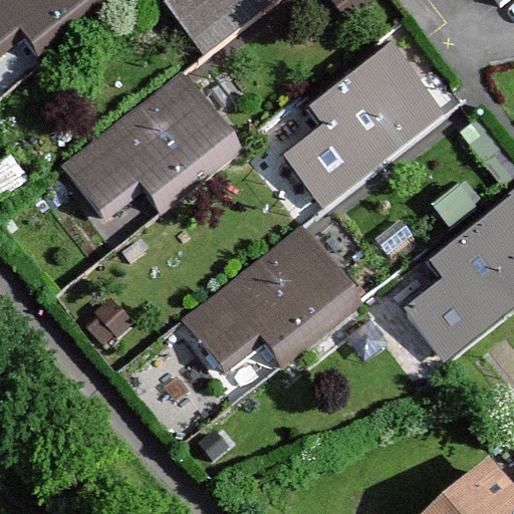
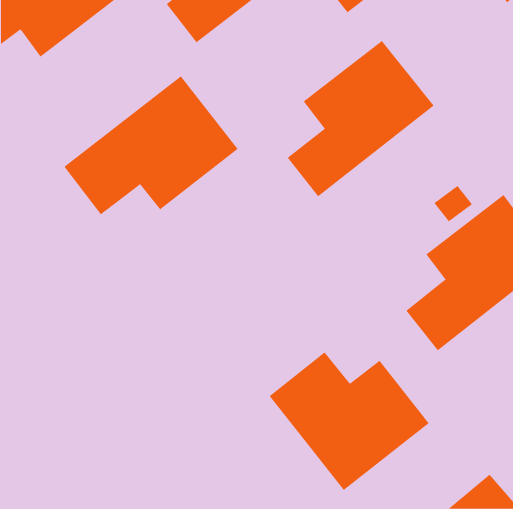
building: [191,233,362,365] -> none
building: none -> [269,351,430,491]

